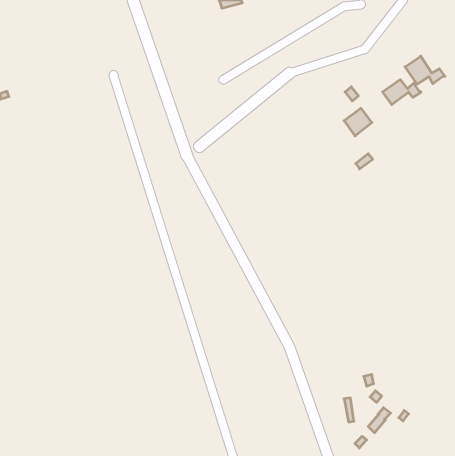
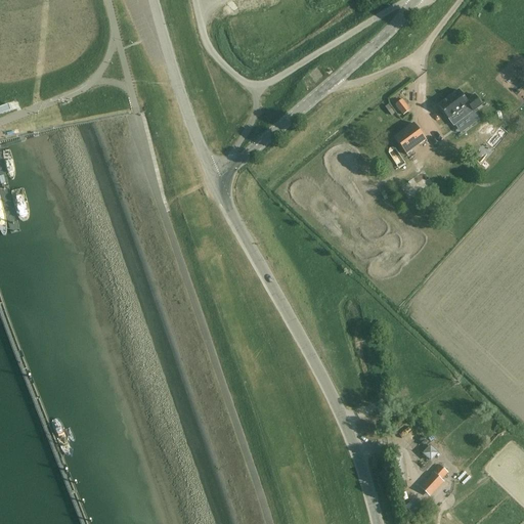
building: [405,56,445,84] -> none

